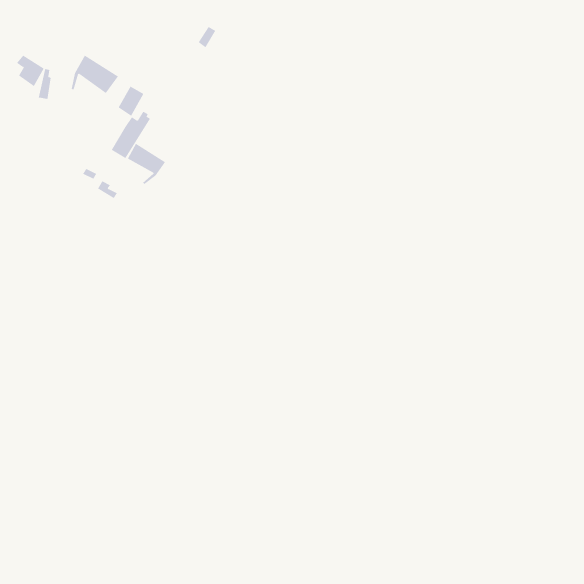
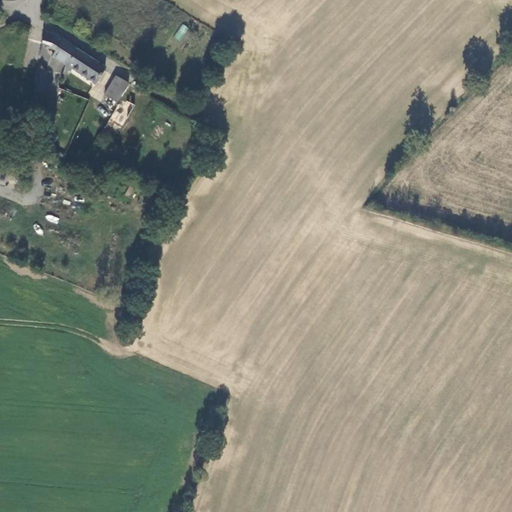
building: [16,55,45,87] -> [49,36,74,64]
building: [127,143,166,185] -> none

